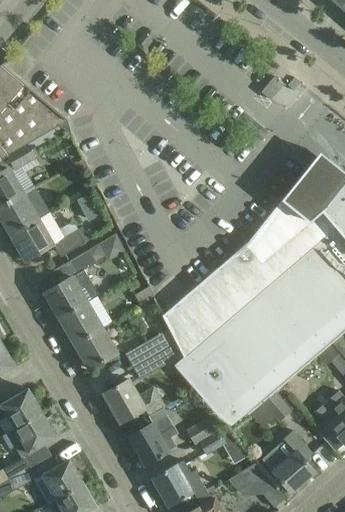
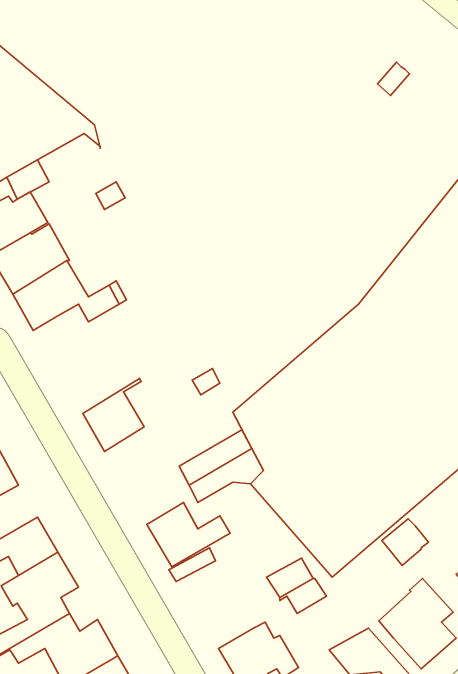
building: [44,245,105,318] -> none
building: [74,327,117,370] -> none
building: [129,415,177,465] -> none

